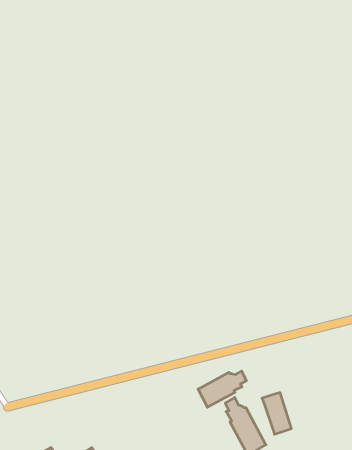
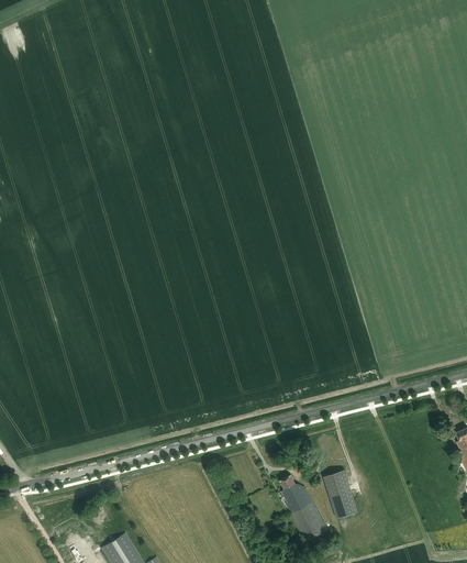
building: [198,371,246,407] -> none

